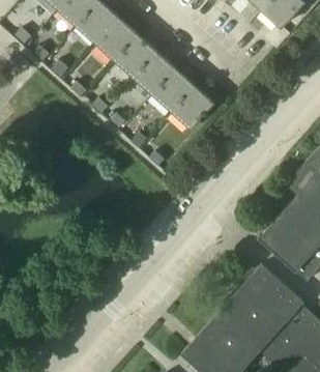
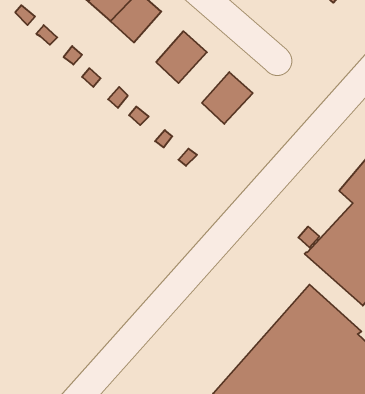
building: [114,35,155,78] -> none
building: [151,69,194,112] -> none

